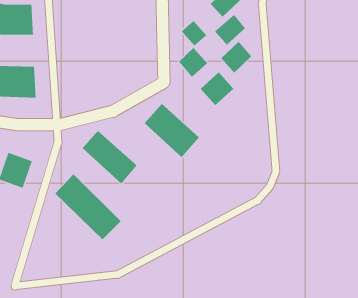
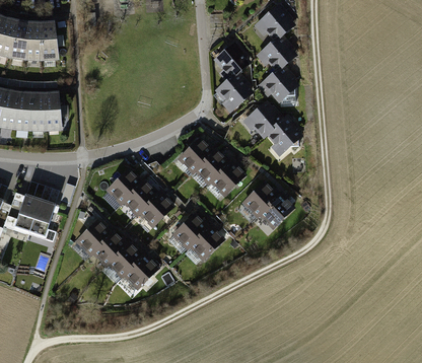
building: none -> [264,116,301,152]
building: none -> [240,183,289,230]
building: none -> [169,212,217,260]

